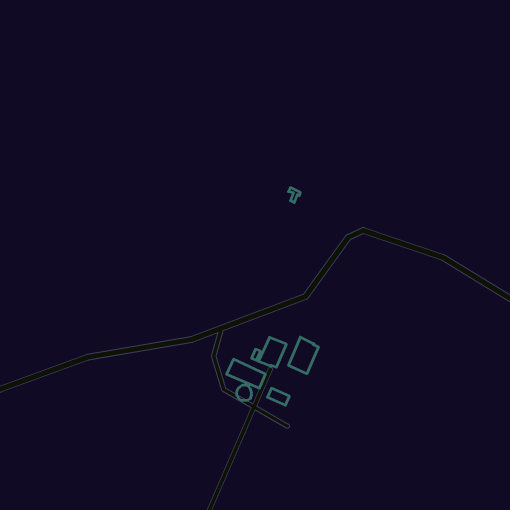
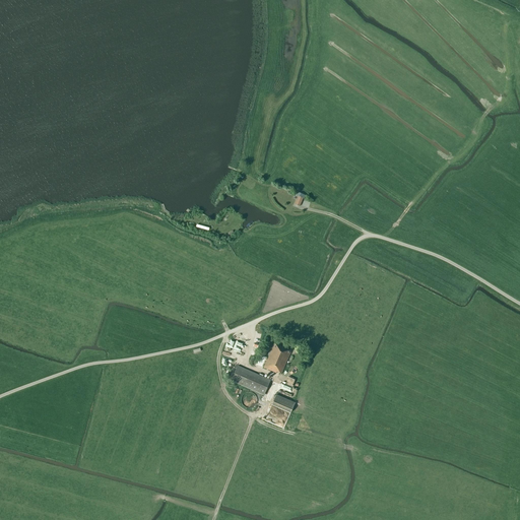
building: [289,337,318,374] -> none

